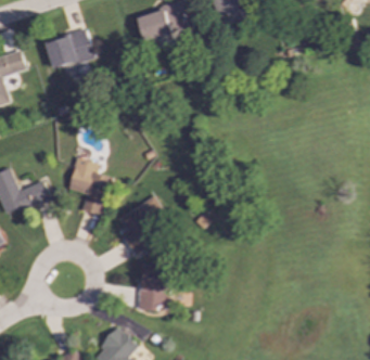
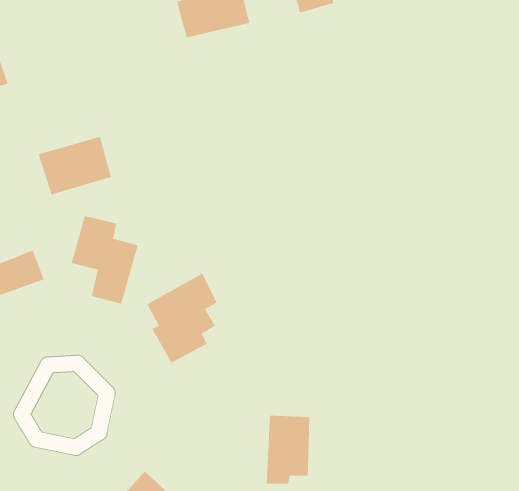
building: [46,29,94,68] -> [38,136,112,195]
building: [140,263,169,309] -> [266,415,310,484]

